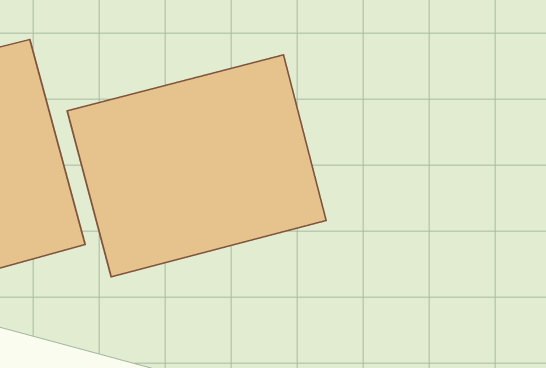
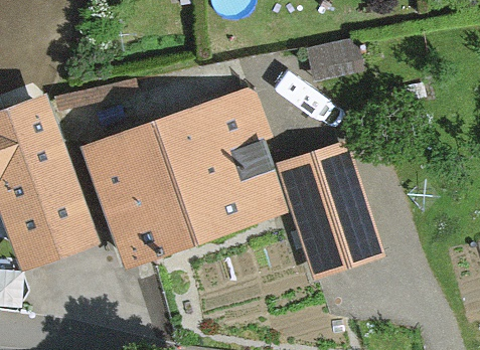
building: none -> [276,138,381,274]

